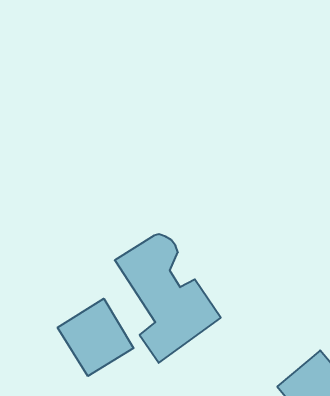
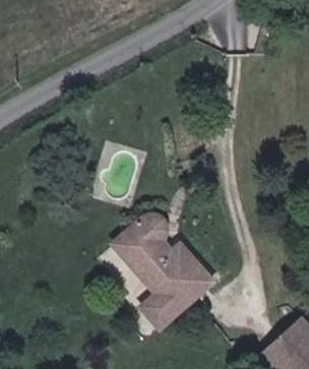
building: [58,299,134,376] -> none

